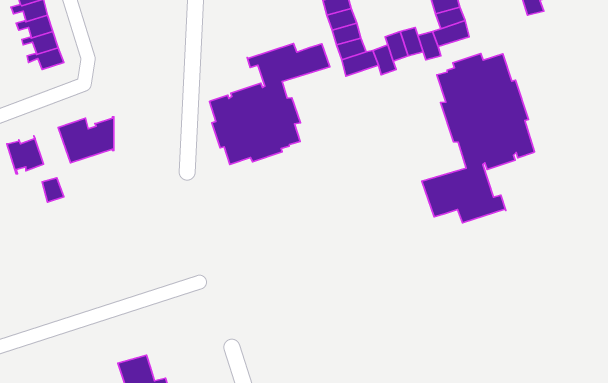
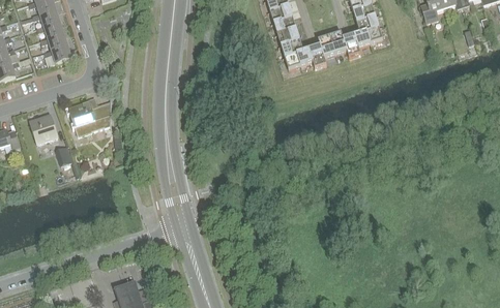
building: [210,44,330,164] -> none
building: [422,53,535,223] -> none

